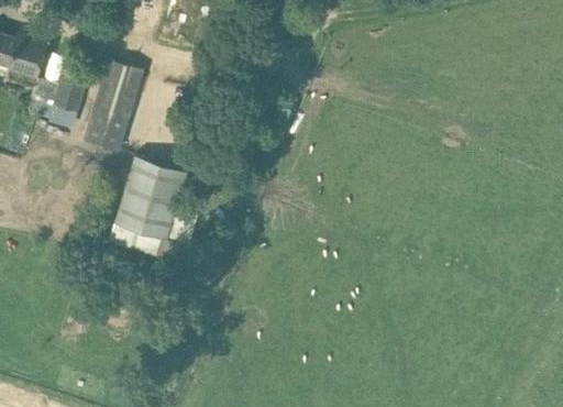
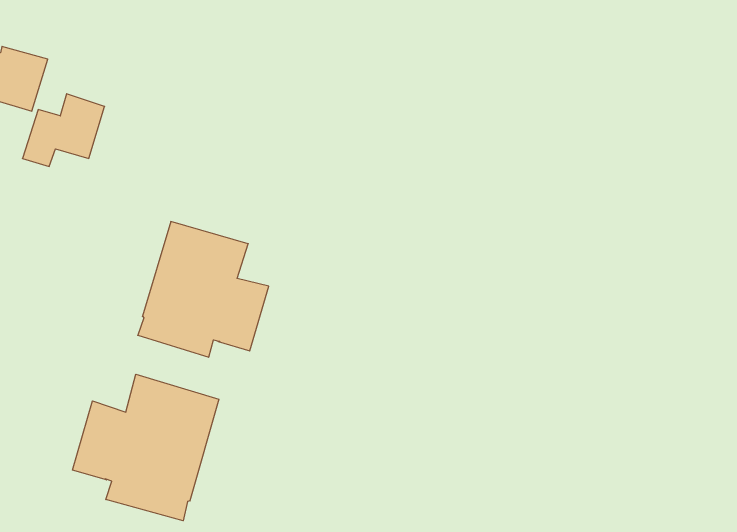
building: [81,60,143,153] -> none
building: none -> [72,374,219,521]

